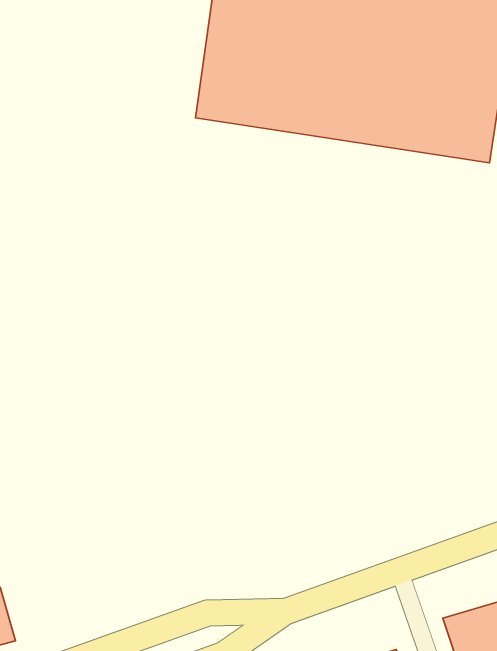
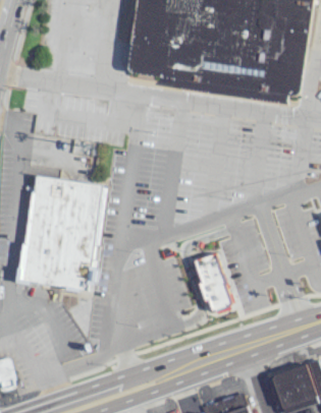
building: none -> [16,174,102,290]
building: none -> [193,252,231,310]

